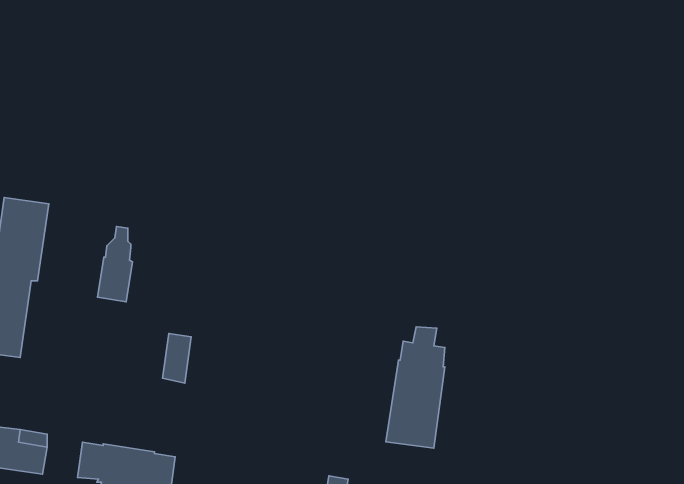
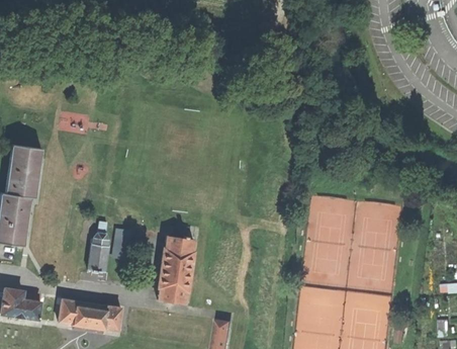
building: [97,227,133,302] -> [87,226,109,273]
building: [386,327,445,448] -> [157,228,194,304]

